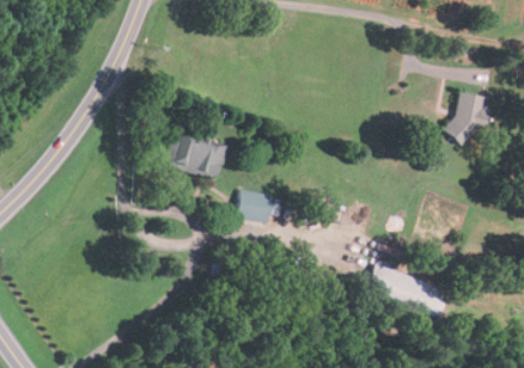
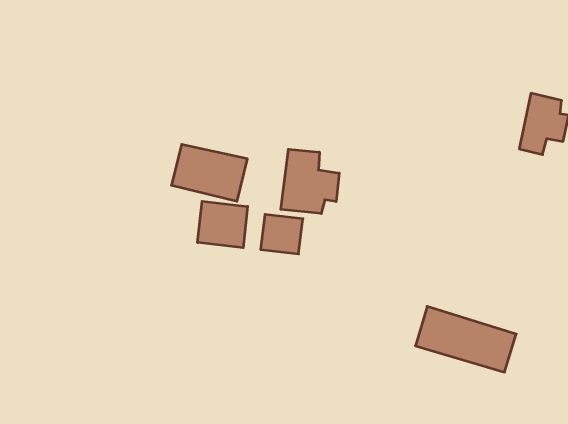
building: none -> [281,149,339,214]
building: none -> [198,201,248,248]

